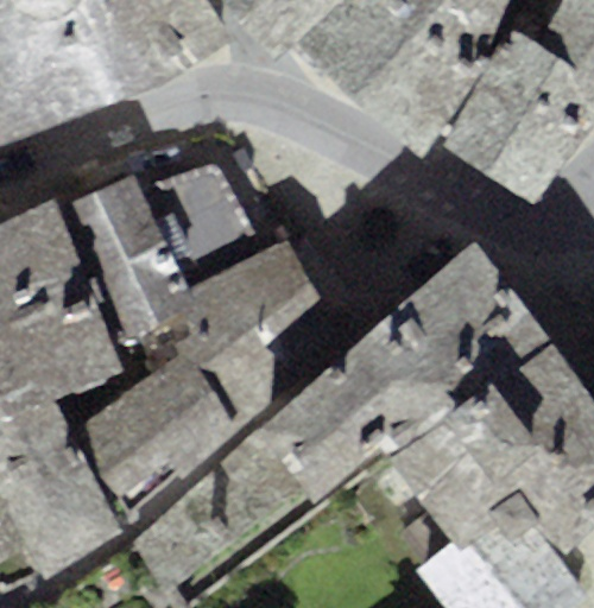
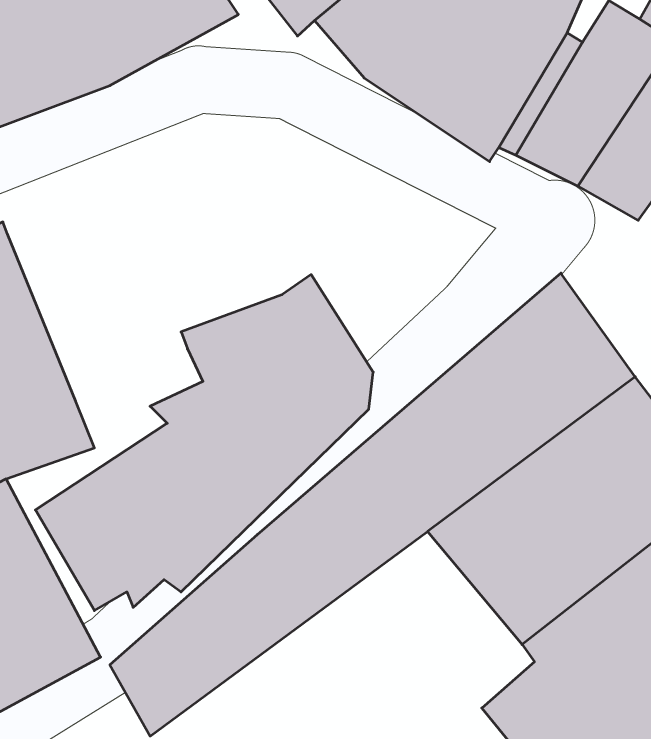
building: [52,165,263,336] -> none

